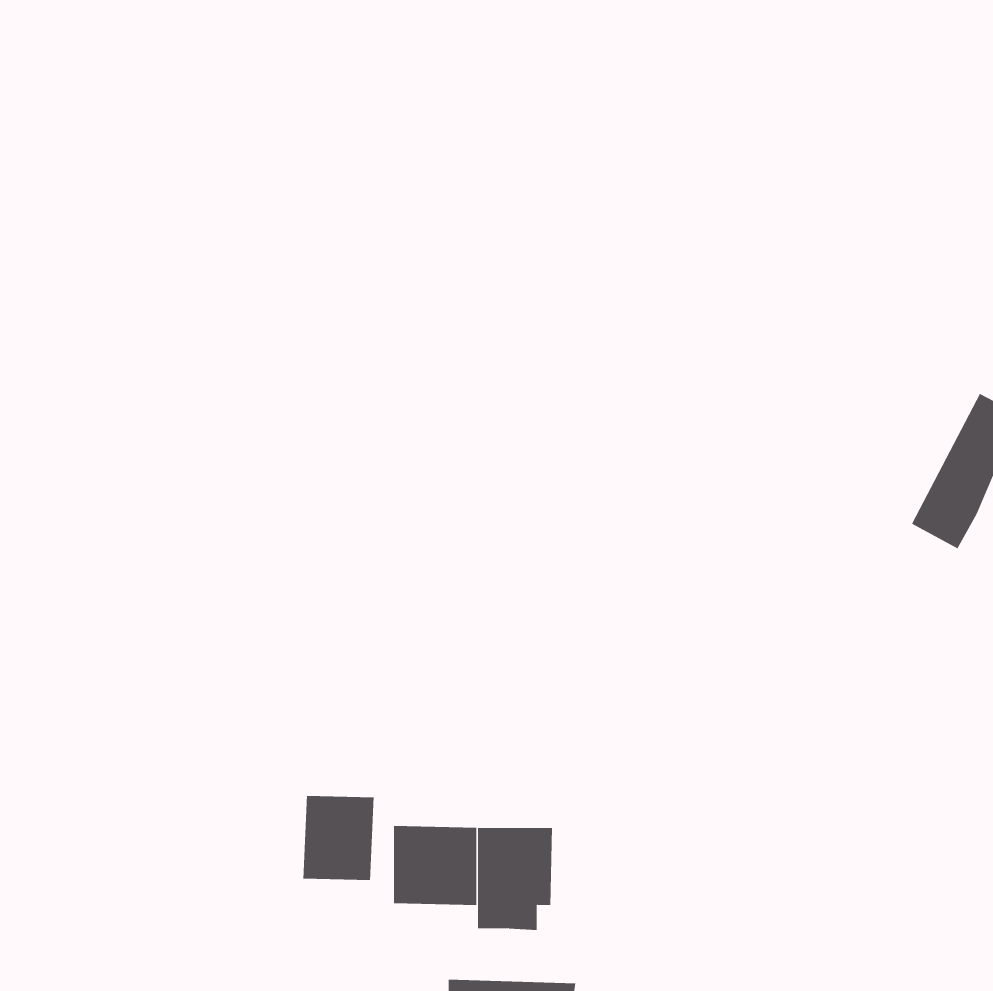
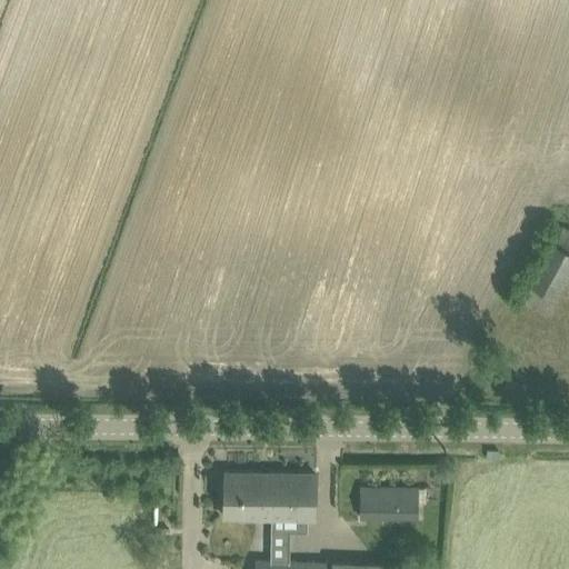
building: [303,795,374,881] -> none
building: none -> [362,489,419,520]

